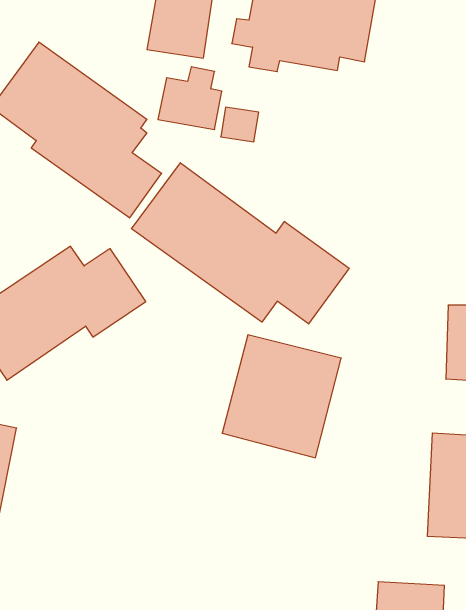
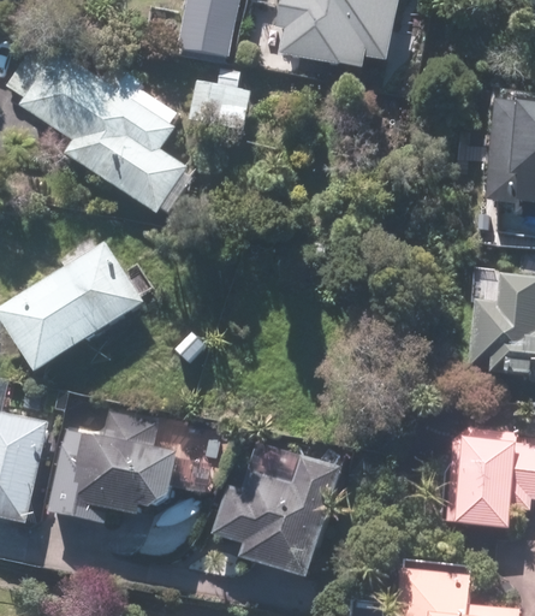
building: [131,163,349,324] -> none
building: [222,335,341,458] -> [225,442,341,562]
building: none -> [49,409,174,522]

